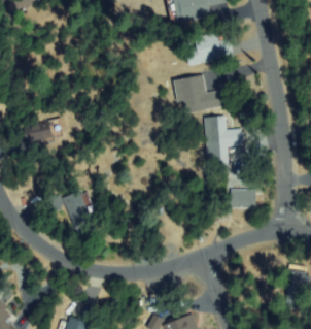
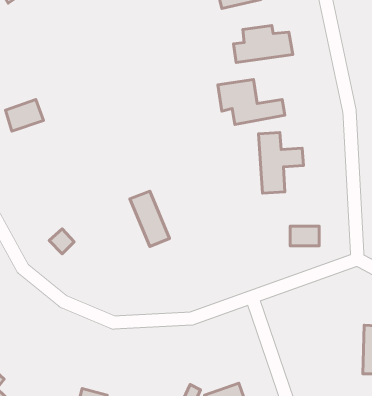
building: [24,120,54,144] -> [5,100,44,131]
building: [64,191,95,234] -> [130,191,170,247]

